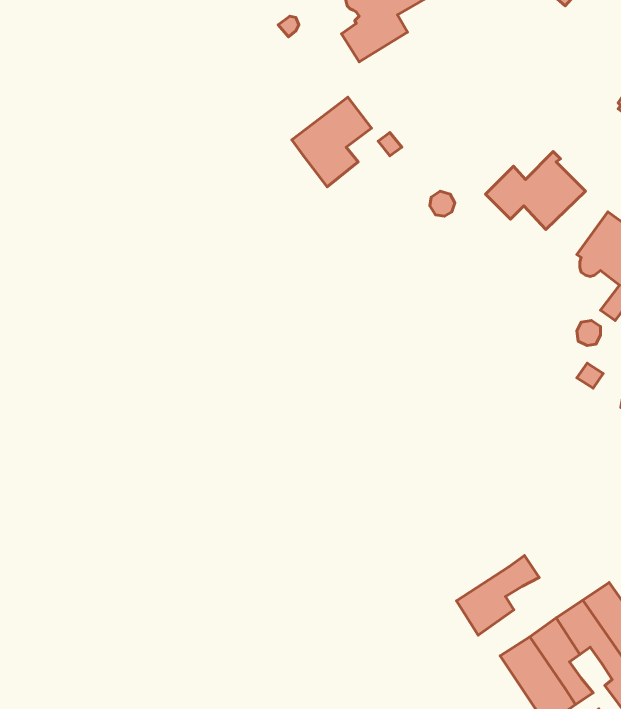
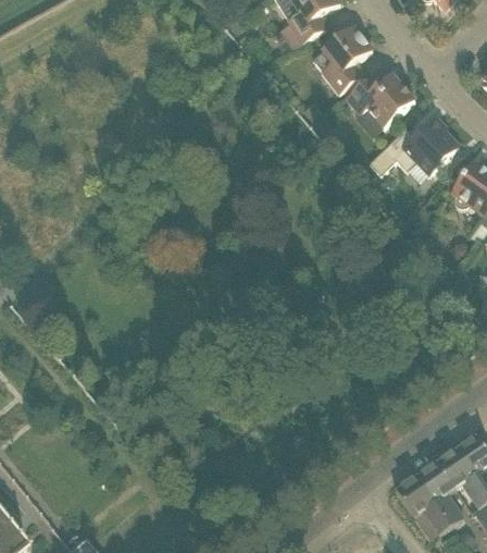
building: none -> [347,71,415,125]
building: [292,97,371,187] -> [314,25,373,91]
building: [457,556,539,635] -> none

